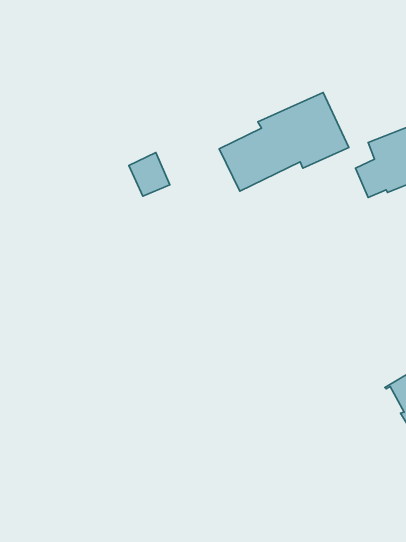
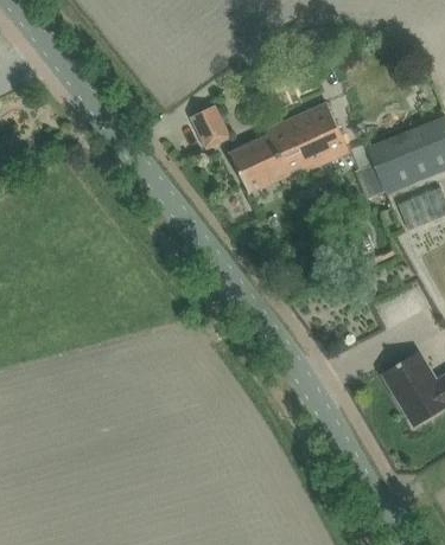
building: [129,153,170,196] -> [190,107,228,147]

